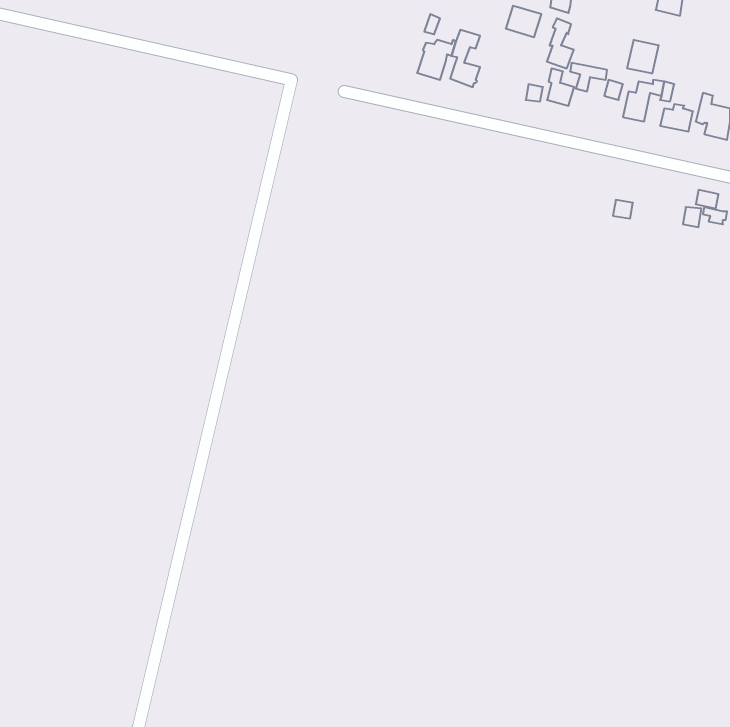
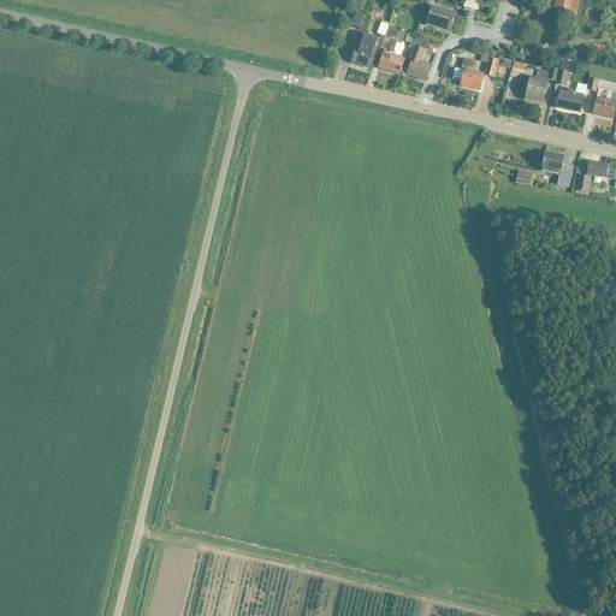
building: [547,18,574,68] -> [408,37,431,79]
building: [627,40,658,74] -> none
building: none -> [540,150,573,186]

